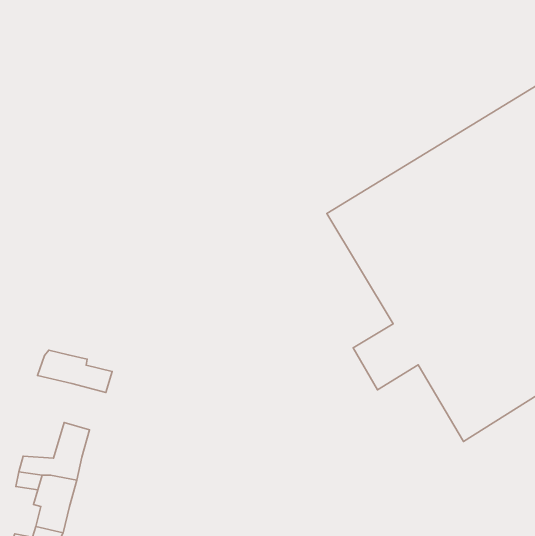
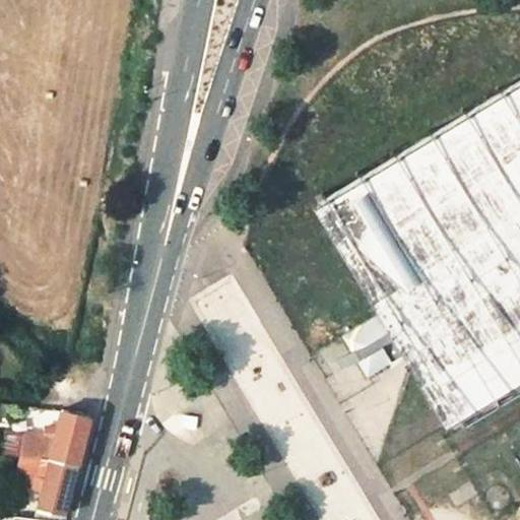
building: [38,350,112,392] -> none

